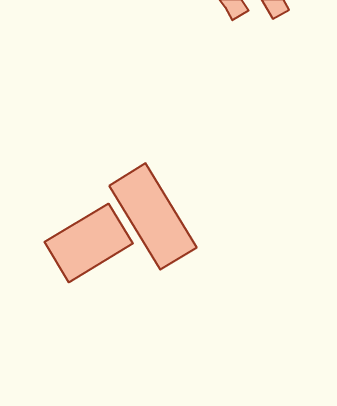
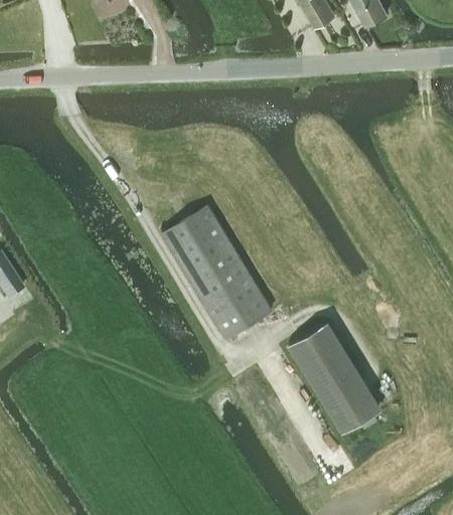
building: [45,204,133,282] -> none
building: none -> [288,326,376,436]

